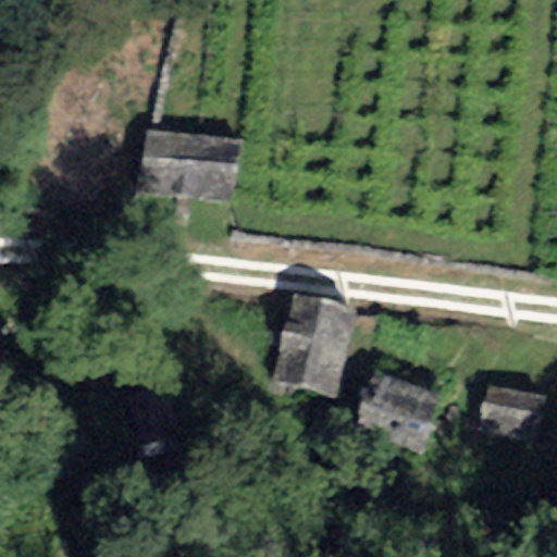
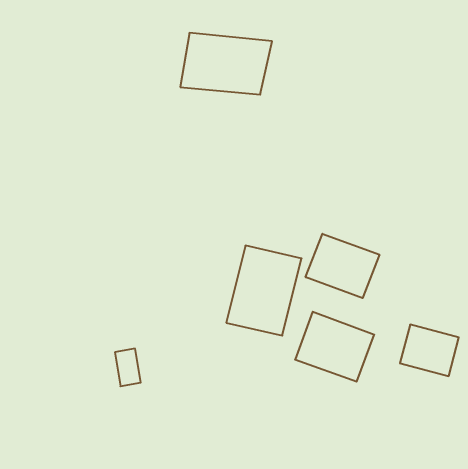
building: [135,129,244,202] -> [180,33,272,95]
building: none -> [306,234,379,298]

